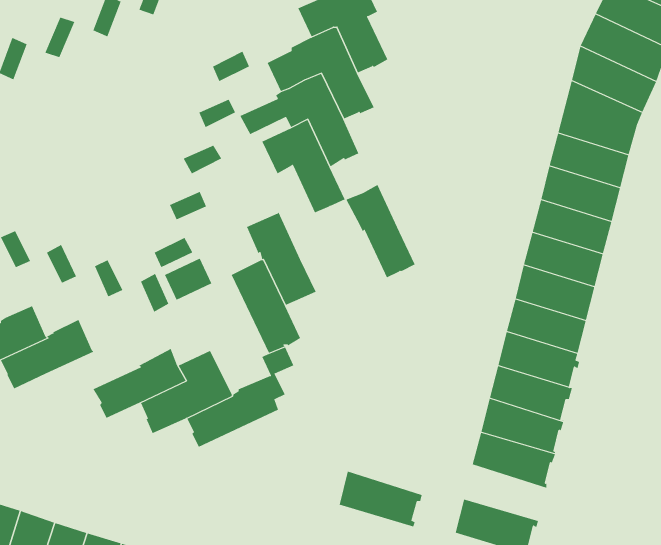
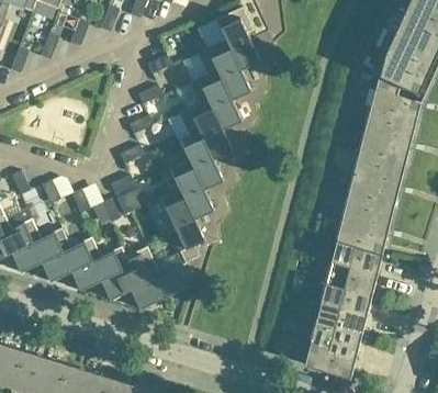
building: [345,184,416,278] -> [178,128,223,189]
building: none -> [41,237,101,282]
building: [339,471,422,527] -> [308,321,362,357]

